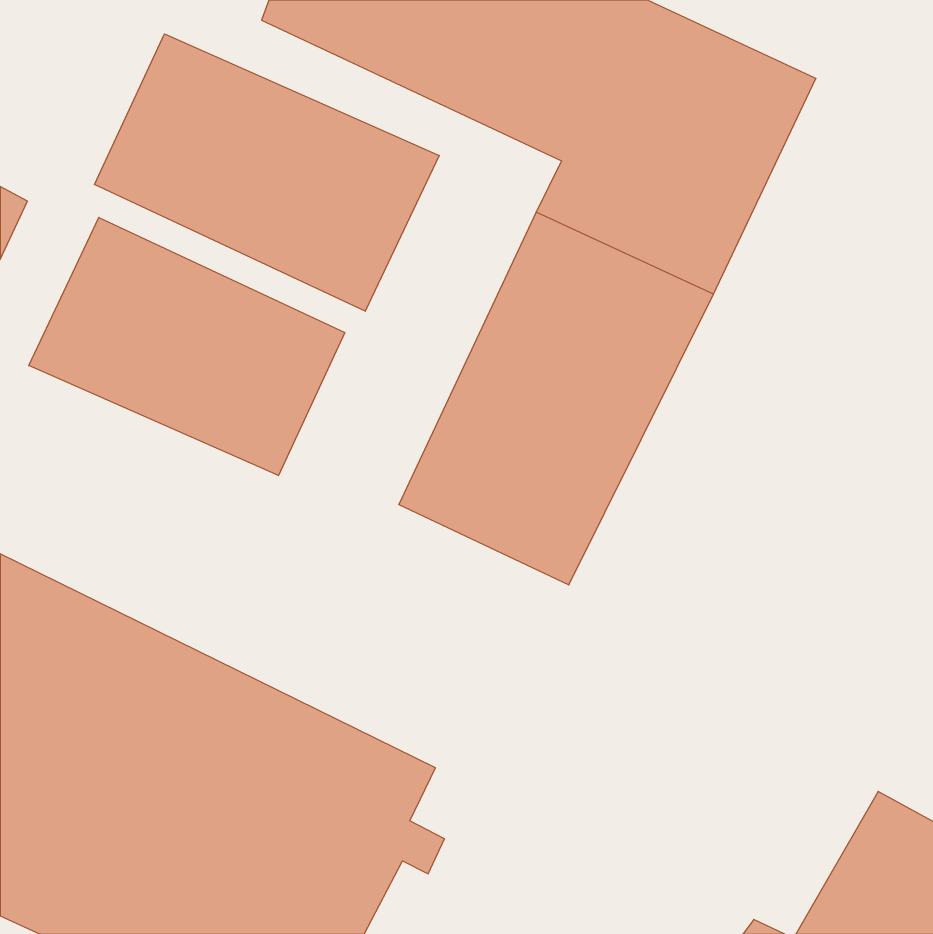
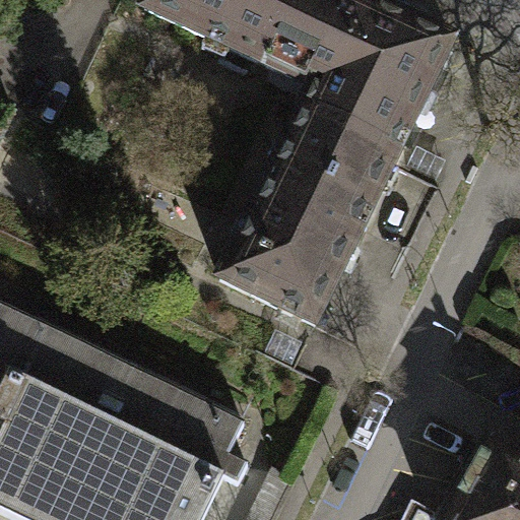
building: [95,34,439,311] -> none
building: [29,217,345,476] -> none

